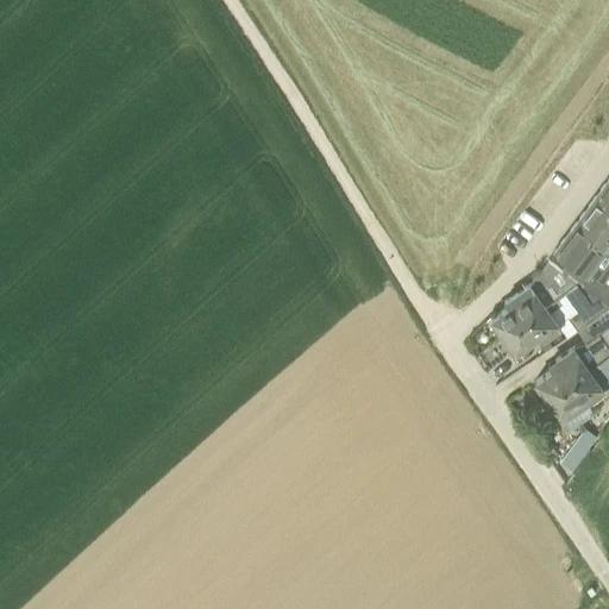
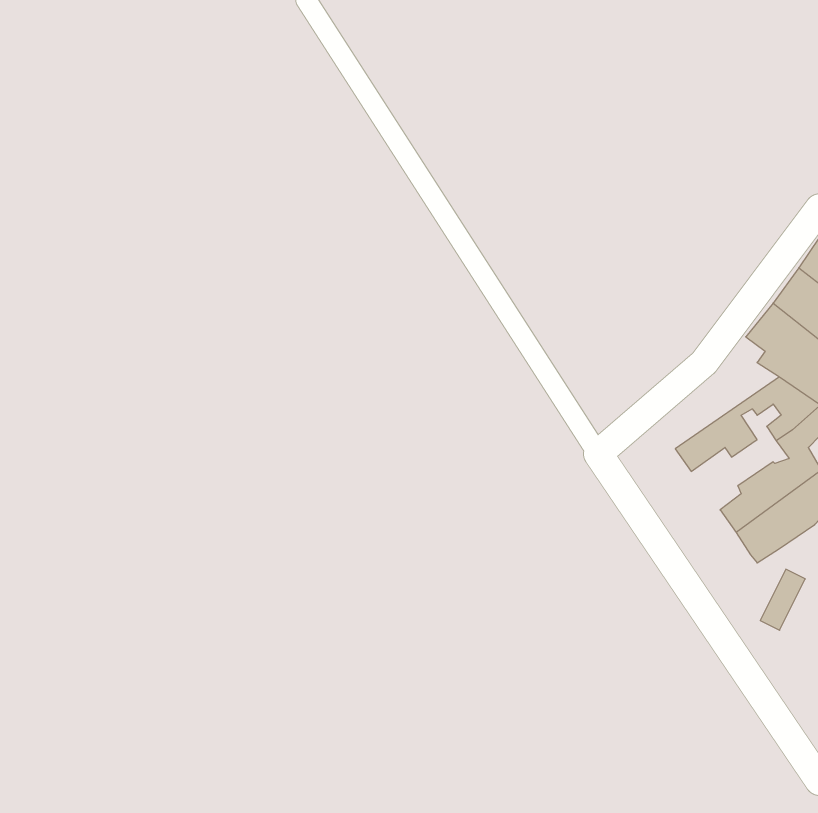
building: [490,263,579,338] -> none

